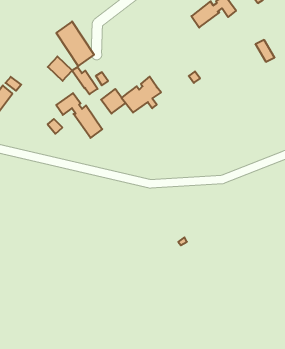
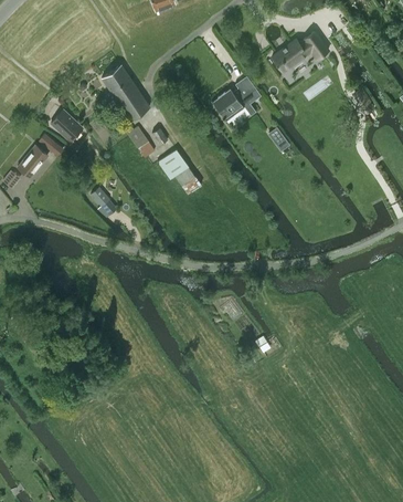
building: [48,56,72,81] -> [52,112,83,143]
building: [122,77,161,113] -> [212,76,262,122]
building: [56,93,102,138] -> none

